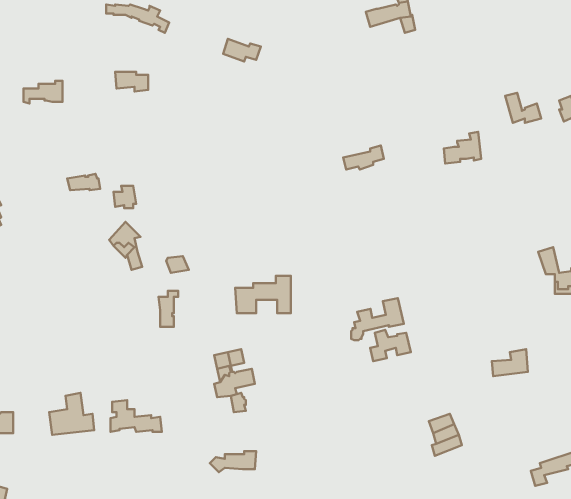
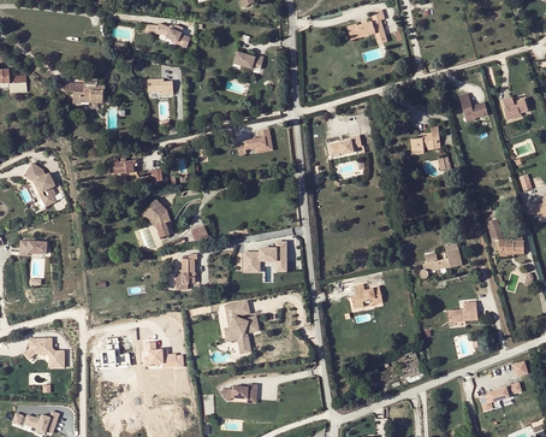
building: none -> [237,128,274,155]
building: [351,298,404,340] -> [420,243,462,277]

